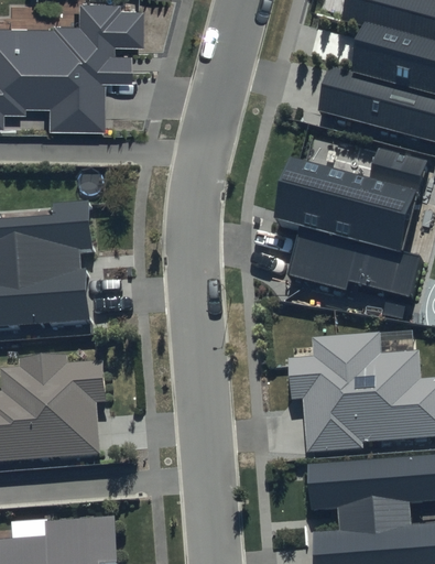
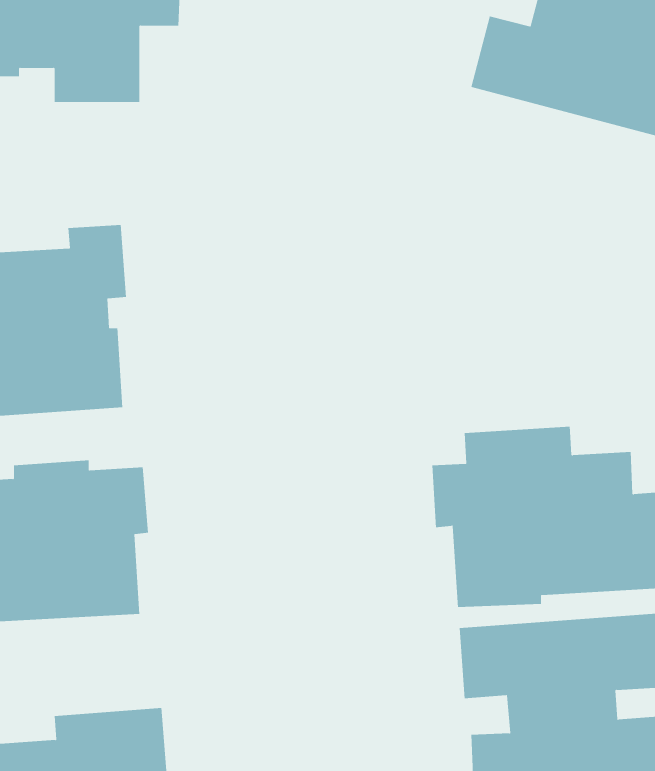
building: [272,150,425,300] -> none

